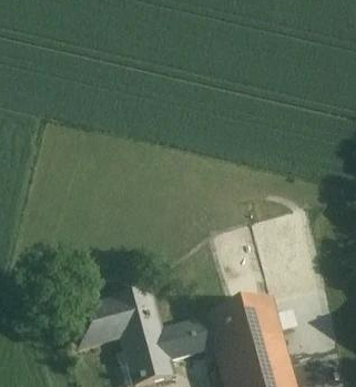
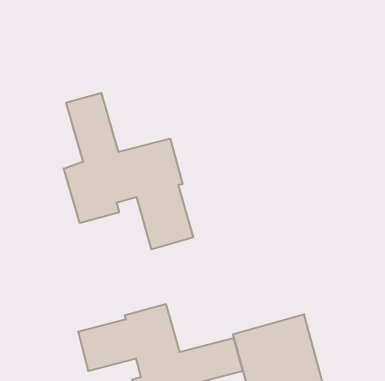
building: none -> [64,93,193,249]

